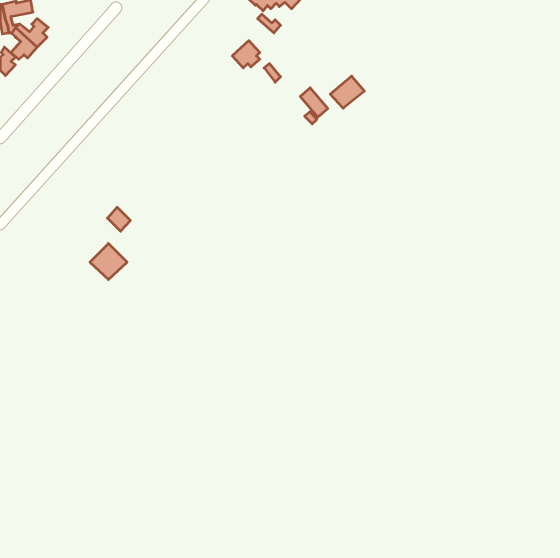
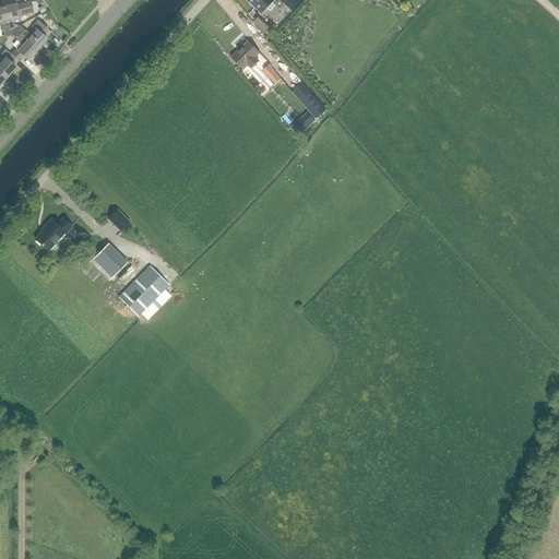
building: [330,76,364,108] -> none
building: none -> [35,217,71,250]
building: none -> [119,265,168,314]

